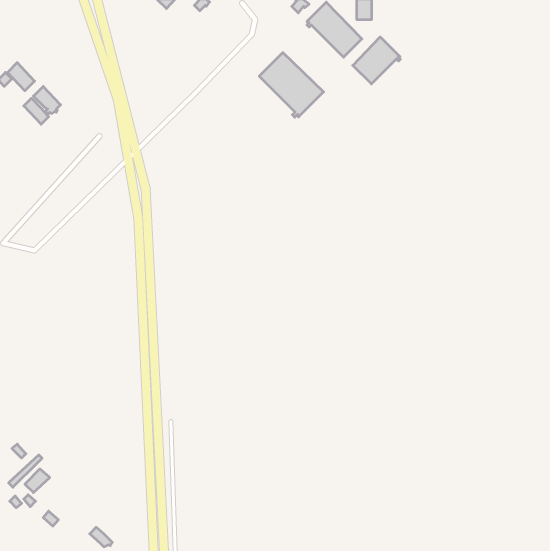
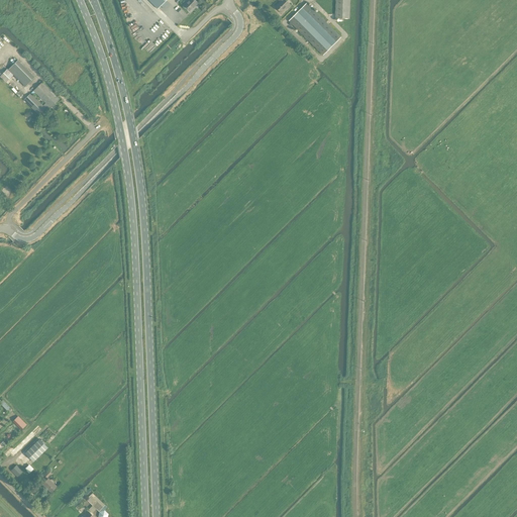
building: [353,37,400,84] -> none
building: [259,53,324,117] -> none

